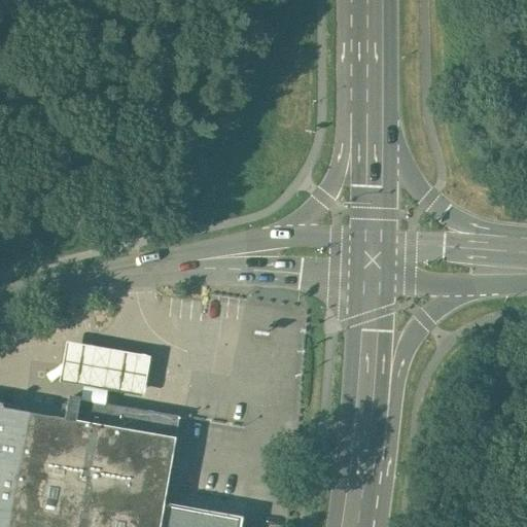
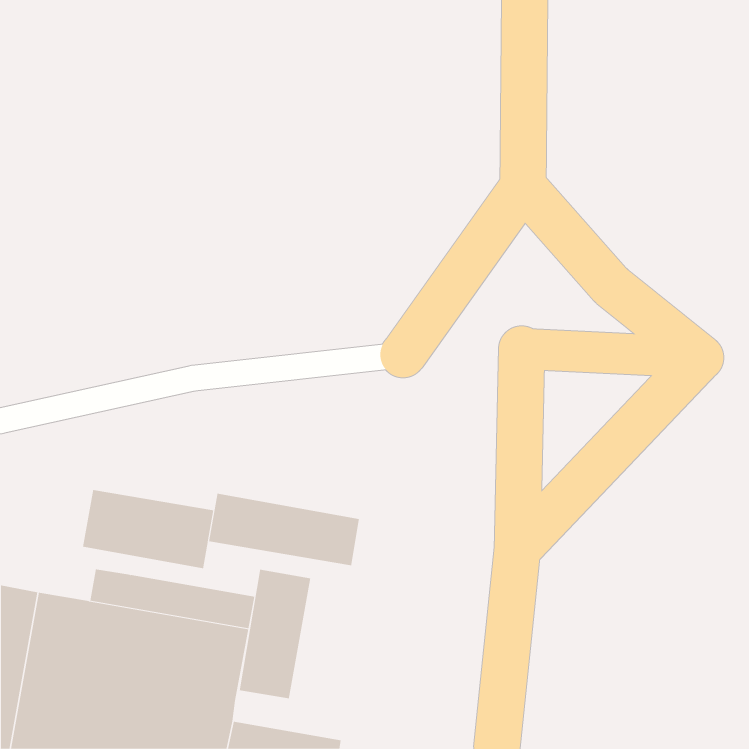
building: none -> [208,493,359,566]
building: none -> [239,569,311,699]

